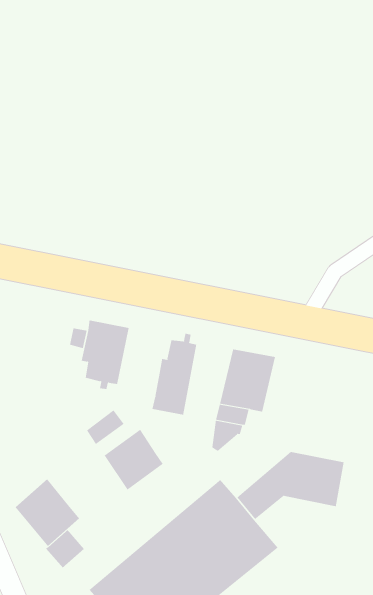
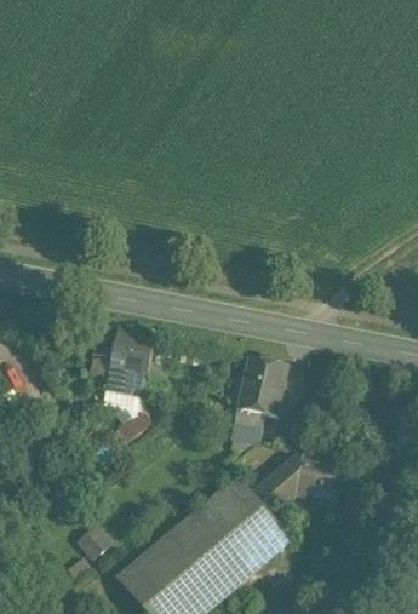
building: [152,333,197,416] -> none
building: [104,429,164,491] -> none
building: [15,479,80,547] -> none

